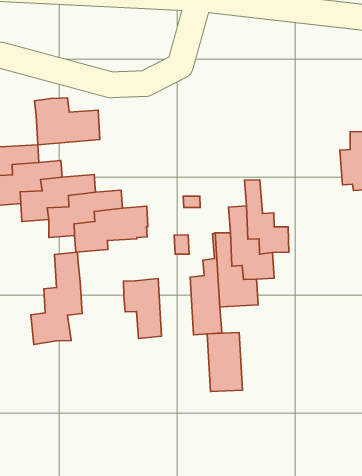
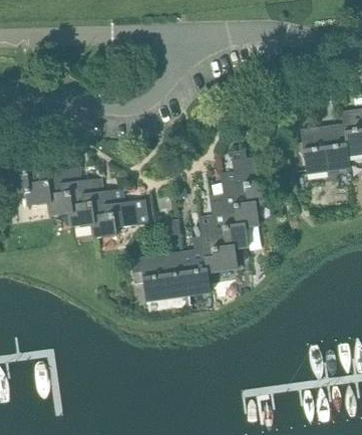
building: [35,98,100,145] -> none
building: none -> [230,149,270,207]
building: [31,252,82,345] -> none
building: [207,332,242,392] -> [157,251,189,299]

